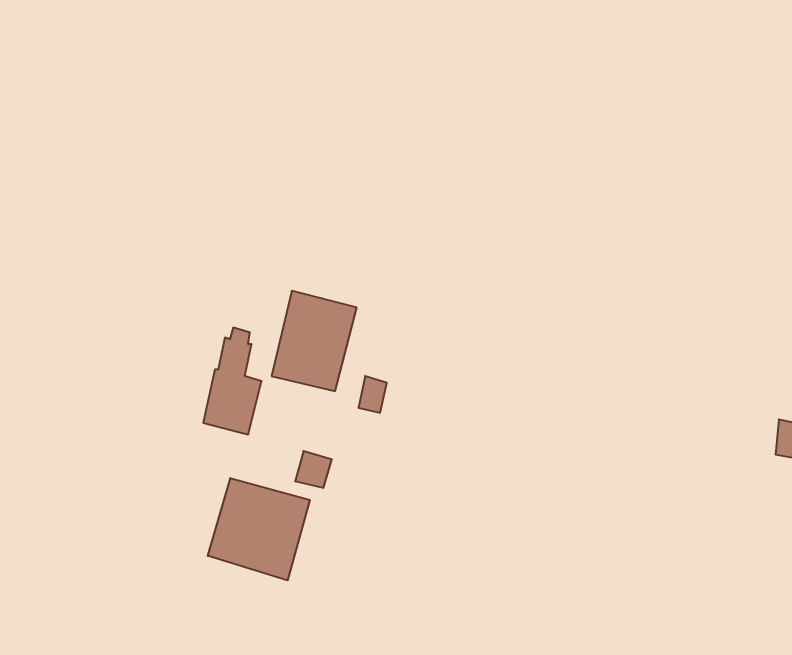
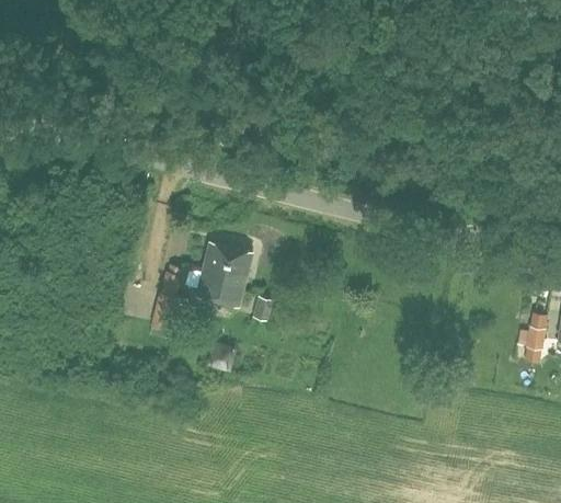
building: [208,478,310,580] -> none

